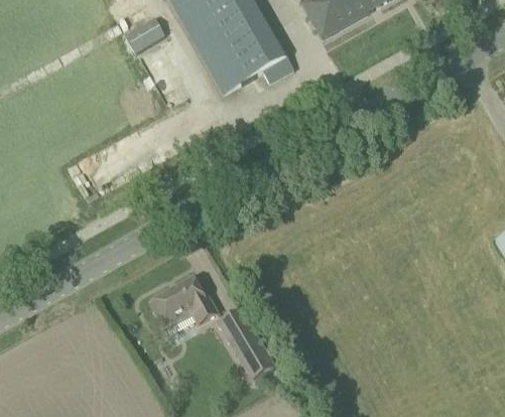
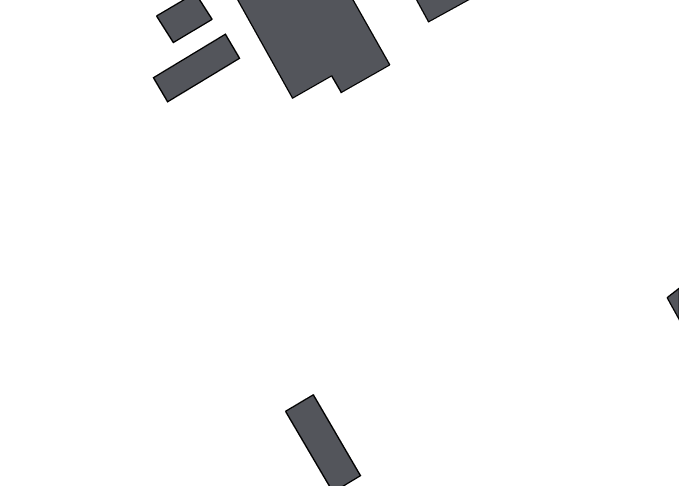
building: none -> [153,34,240,102]
building: [150,280,216,331] -> none

